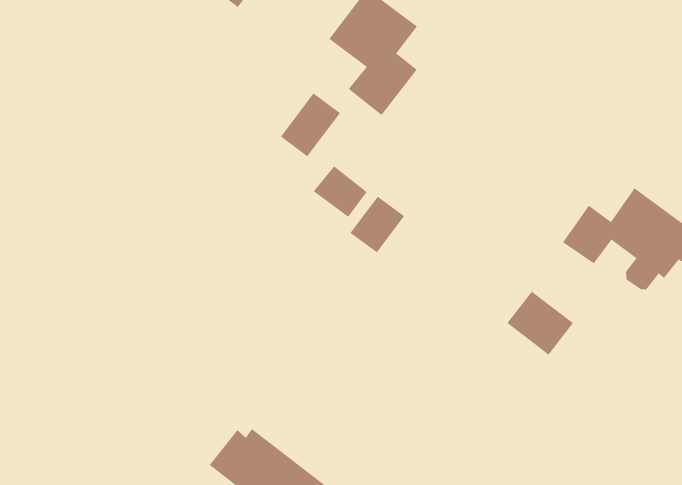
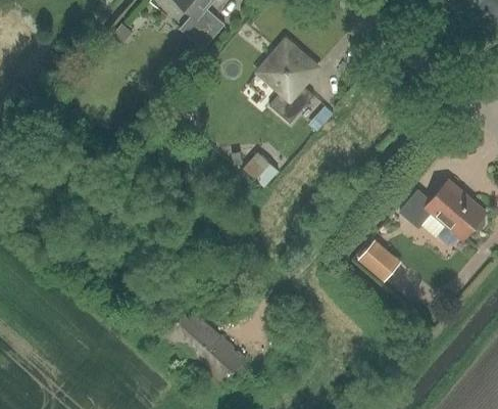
building: [280,93,341,157] -> none
building: [350,196,405,253] -> none

